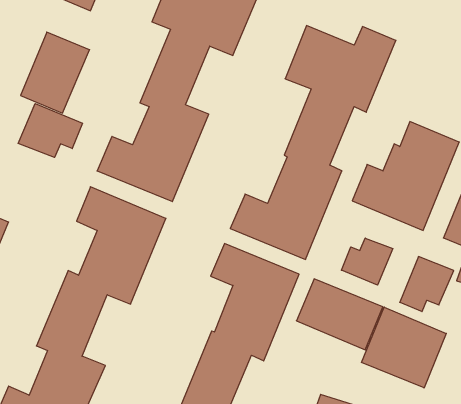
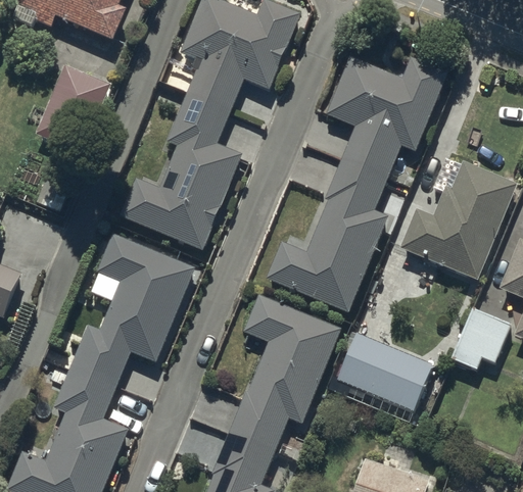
building: [18,104,83,157] -> none
building: [341,238,393,285] -> none
building: [361,307,446,388] -> none

